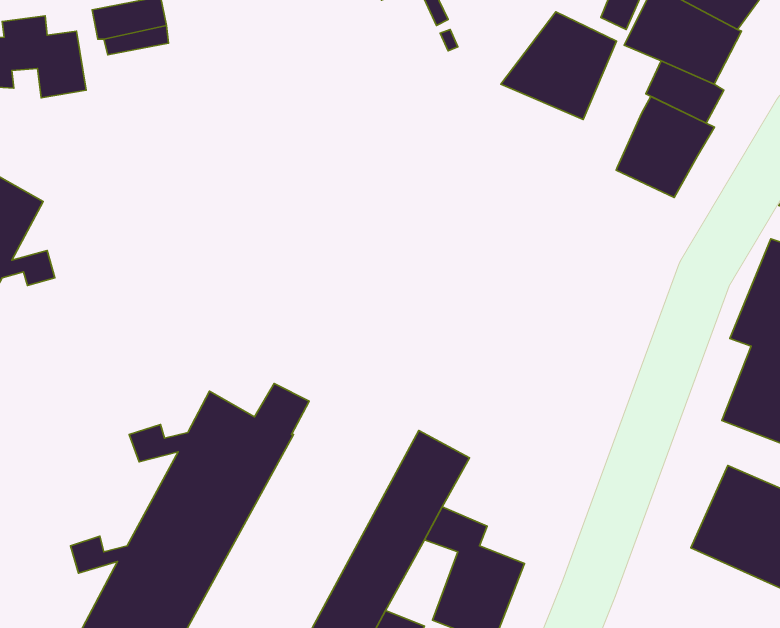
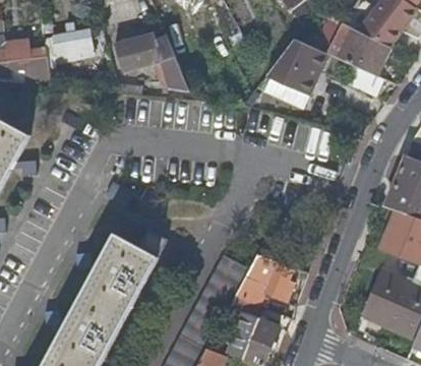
building: none -> [116,36,191,89]
building: [616,96,715,197] -> none
building: none -> [236,253,294,304]

